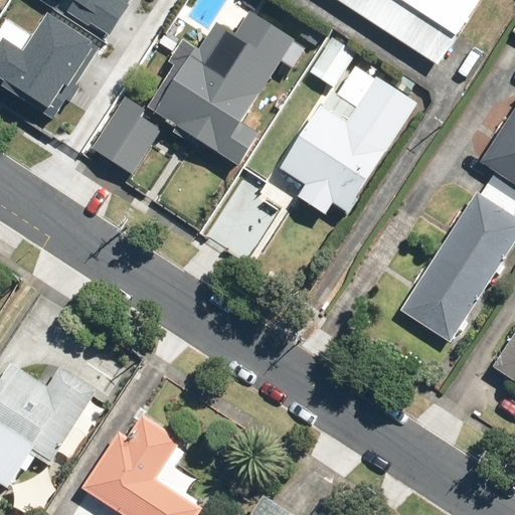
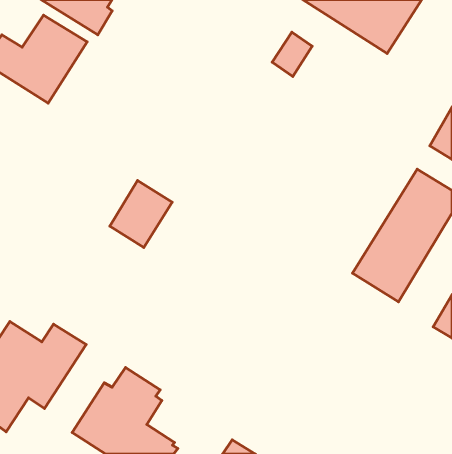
building: [147,11,294,153] -> none
building: [278,78,415,213] -> none
building: [92,98,162,173] -> [110,181,172,247]

